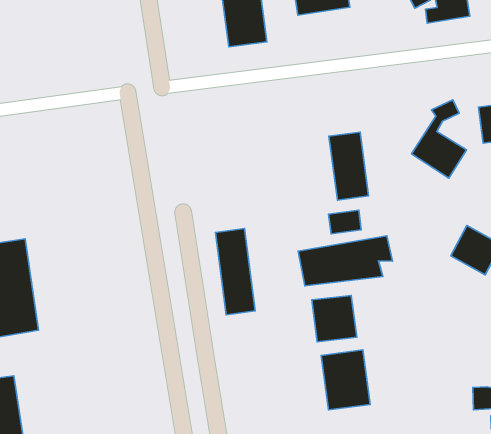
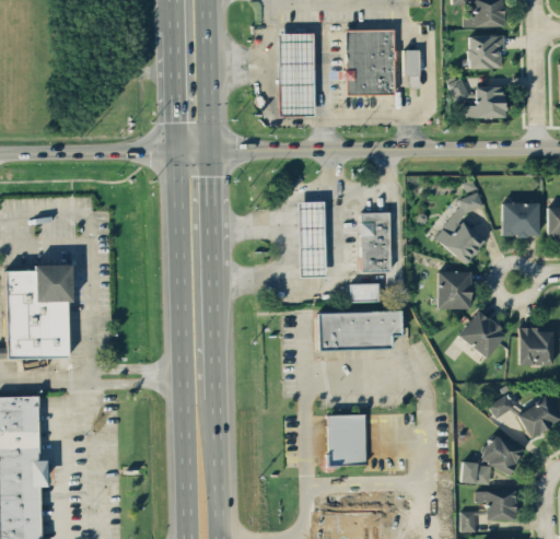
building: none -> [438,270,471,308]
building: [215,229,255,315] -> [299,200,326,278]
building: [312,295,357,342] -> none

